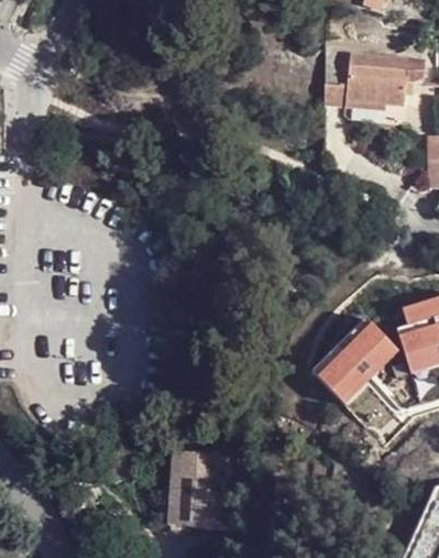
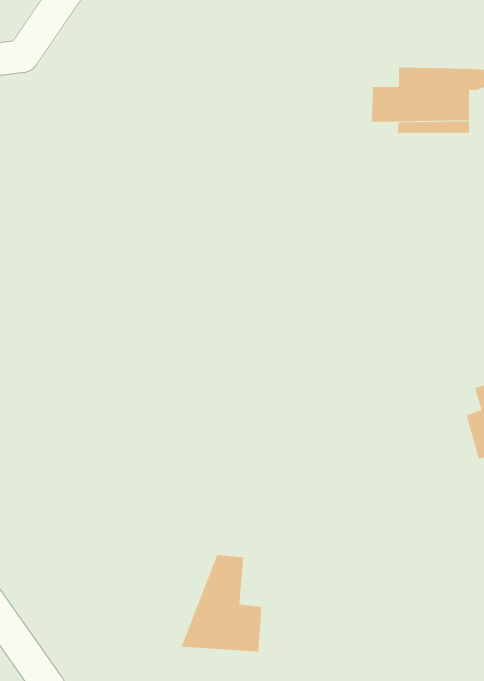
building: [314,320,394,400] -> none
building: [166,444,200,519] -> none

